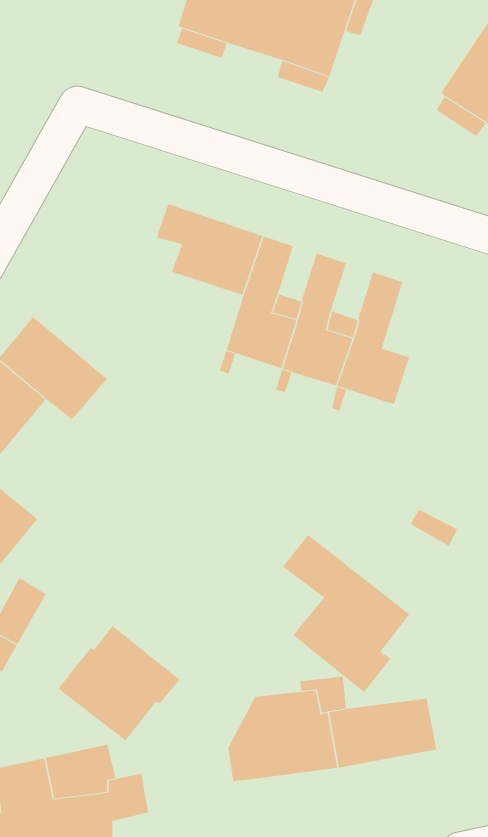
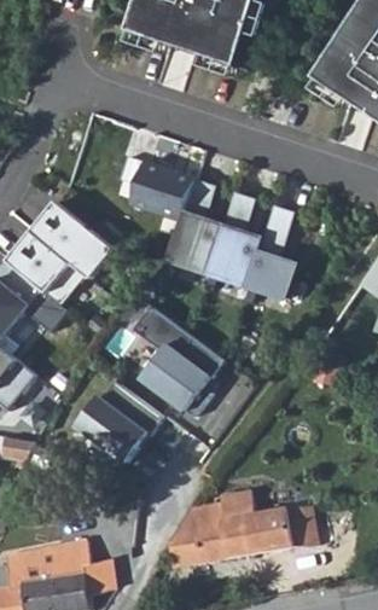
building: none -> [28,207,110,284]
building: [282,534,410,693] -> [130,298,221,411]
building: [58,625,180,741] -> [74,373,161,455]

